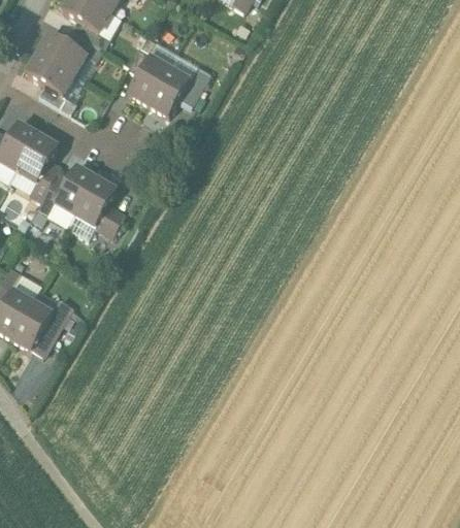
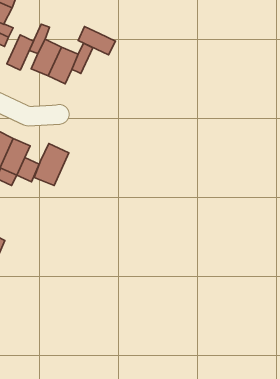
building: none -> [78,26,115,55]
building: none -> [7,35,33,70]
building: none -> [34,143,69,186]

